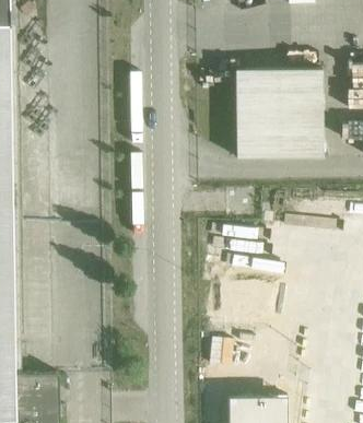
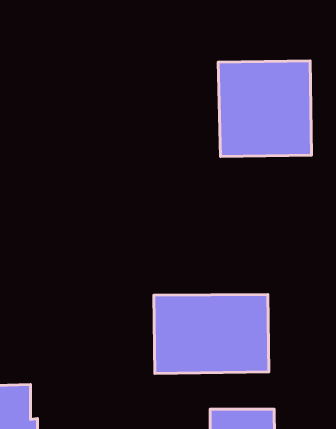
building: none -> [154,295,269,373]

